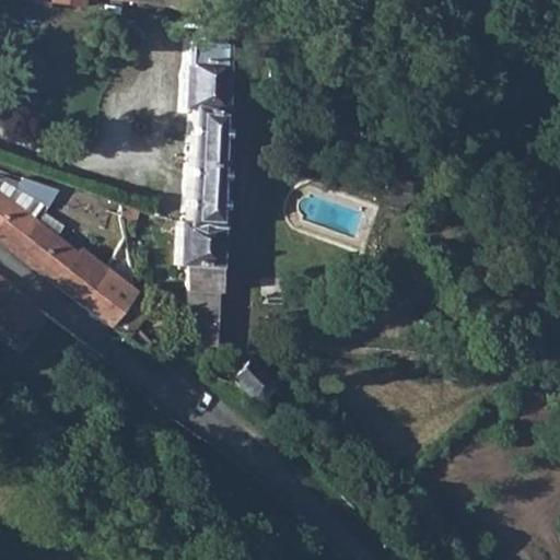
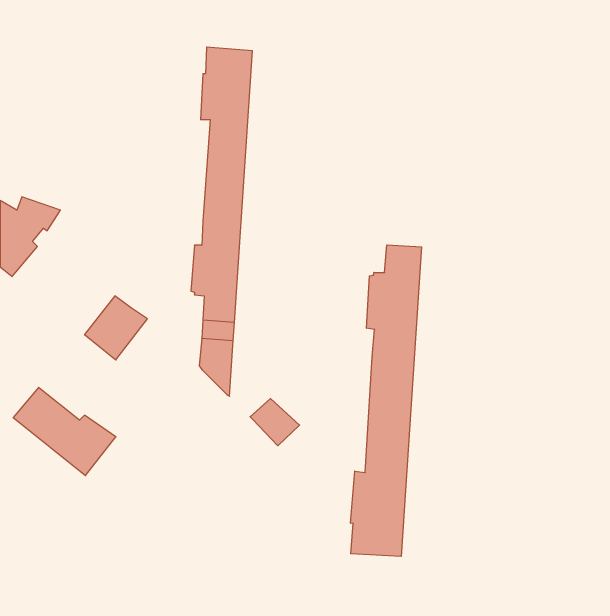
building: none -> [351,245,421,556]
building: [18,223,110,303] -> [13,387,116,476]

